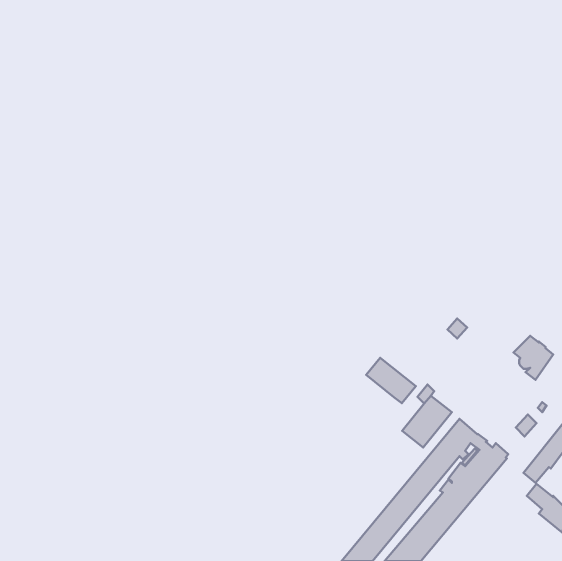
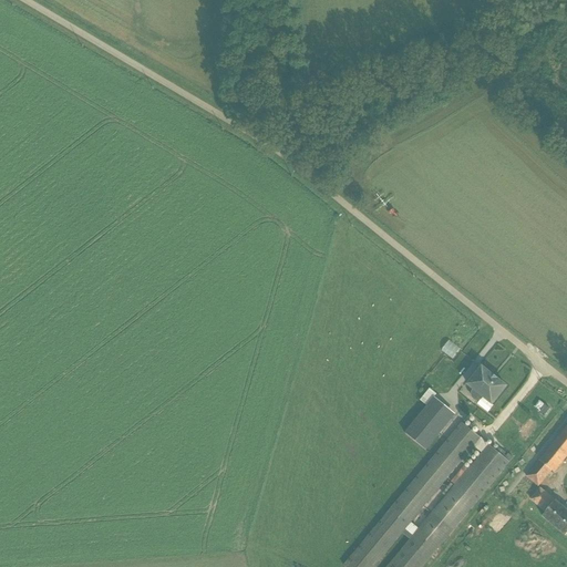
building: [514,336,553,380] -> [466,367,506,411]
building: [366,358,416,403] -> none

